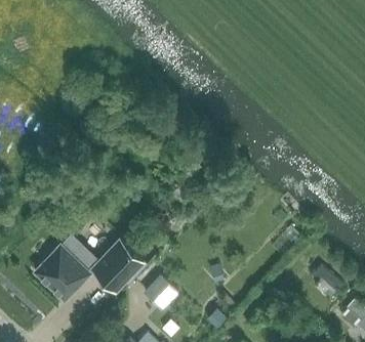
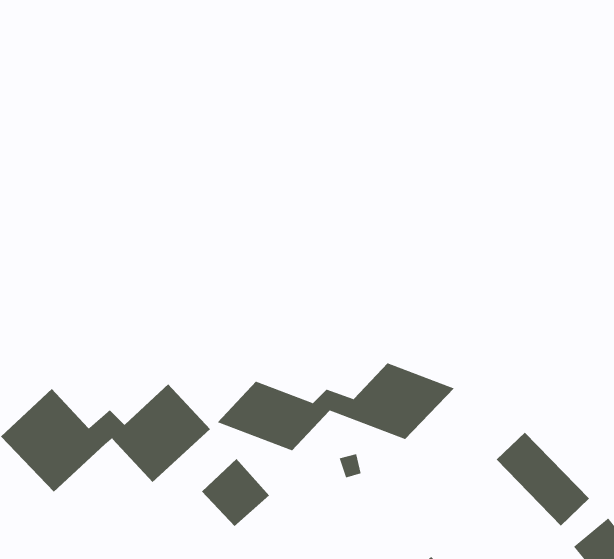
building: none -> [217,362,455,451]

